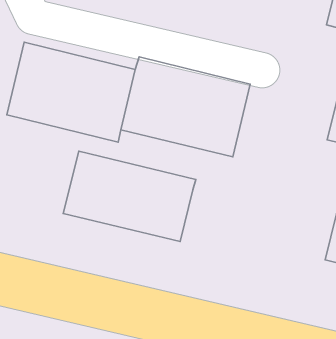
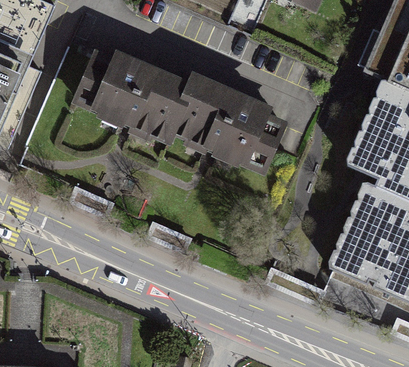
building: [63,151,196,242] -> none

